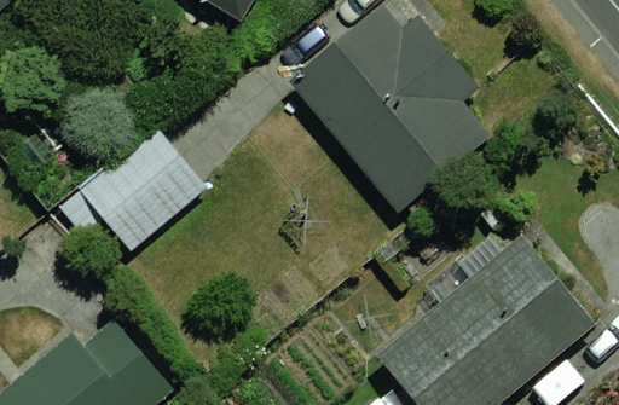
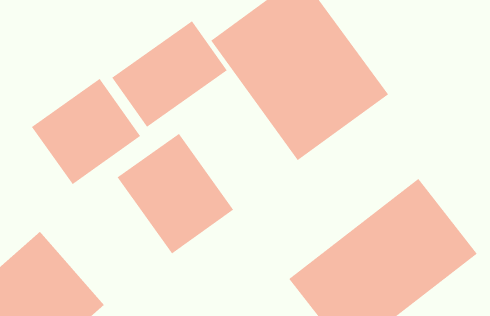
building: none -> [111,20,228,128]
building: none -> [117,133,234,254]

